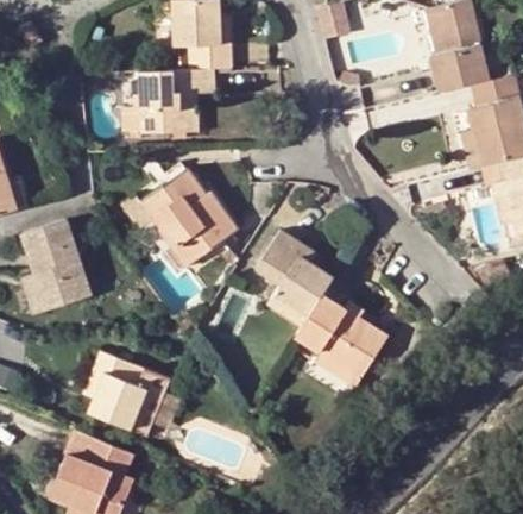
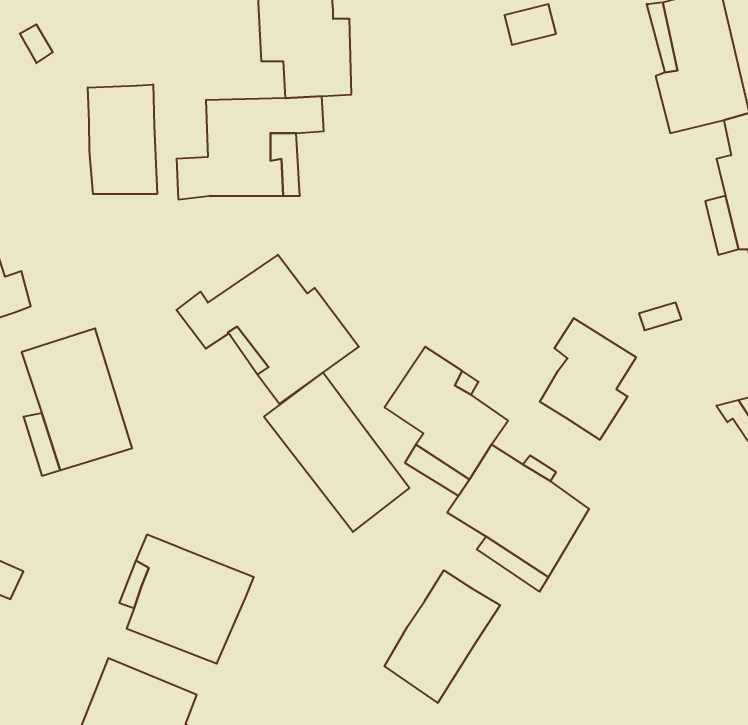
building: none -> [88,84,157,194]
building: none -> [540,318,636,440]
building: none -> [264,372,409,532]
building: none -> [385,570,500,703]

